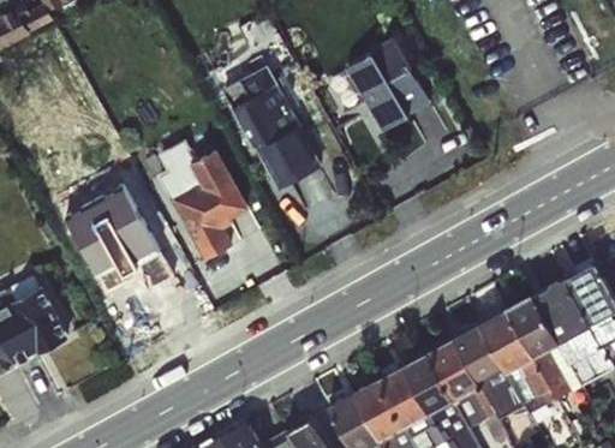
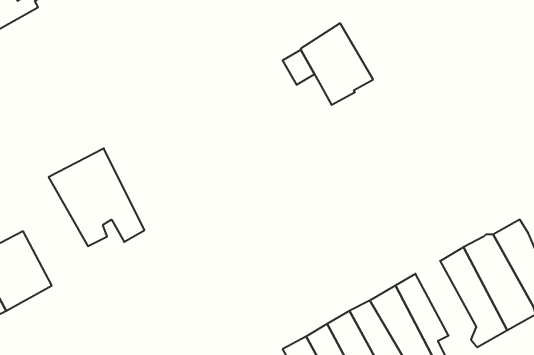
building: [226,67,318,191] -> none
building: [157,142,245,262] -> none
building: [477,310,545,408] -> none

